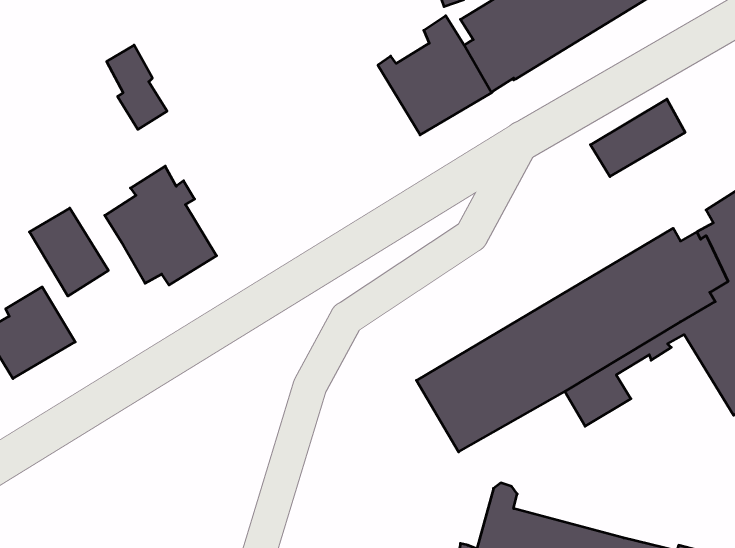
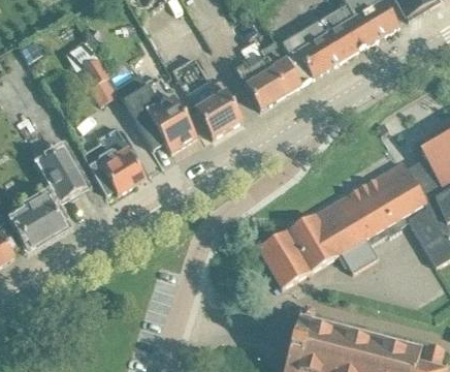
building: none -> [172,57,243,137]
building: none -> [124,76,197,152]
building: [590,99,685,177] -> none

